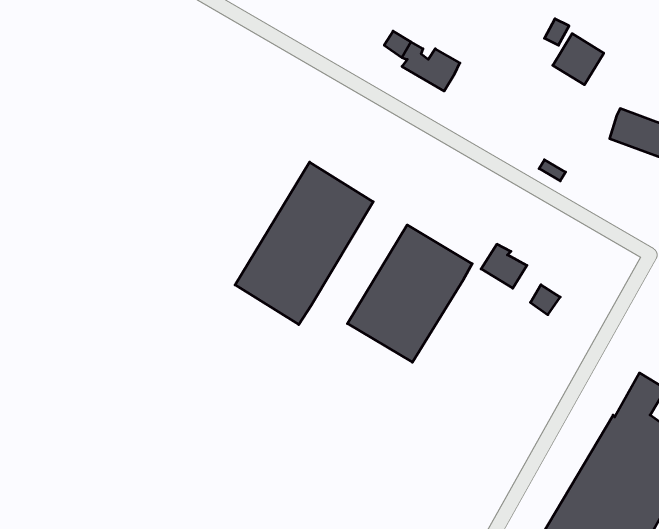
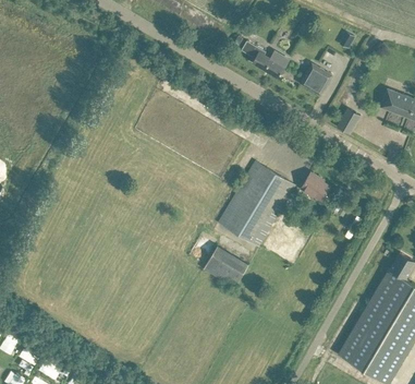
building: [553,34,604,85] -> [300,63,331,95]
building: [235,162,373,325] -> none
building: none -> [204,249,246,288]

